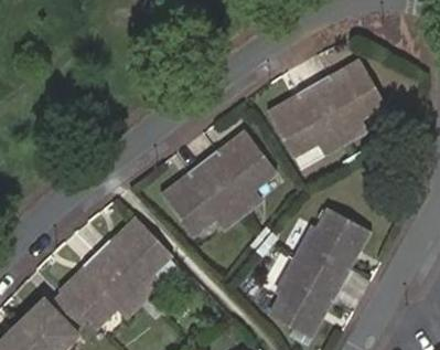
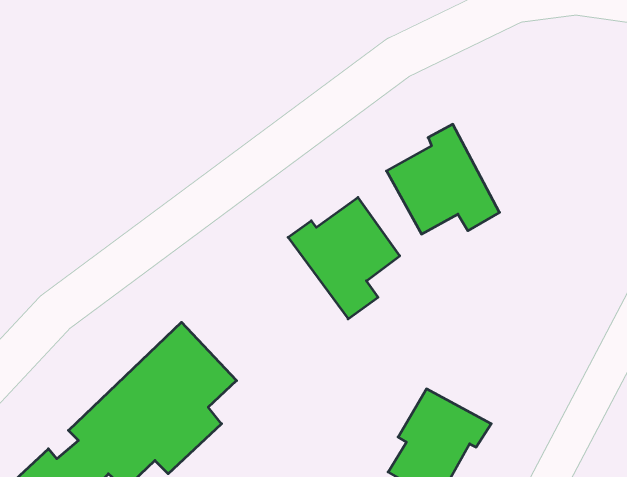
building: [313,65,385,144] -> none
building: [165,160,244,234] -> none
building: [296,210,364,284] -> none

